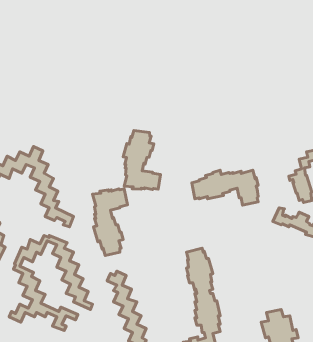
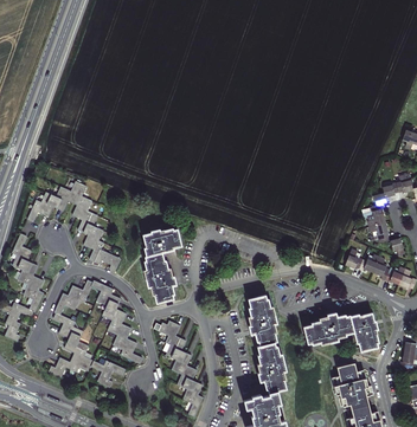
building: [123,131,161,189] -> none
building: [192,170,258,205] -> [303,312,378,351]

